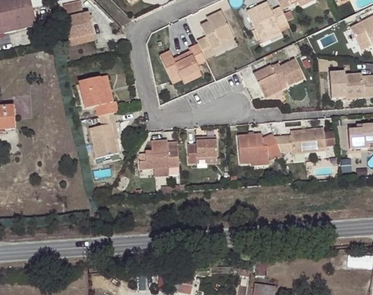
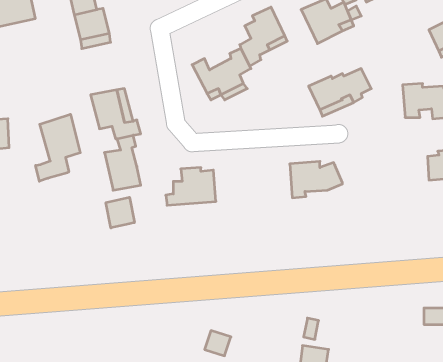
building: none -> [36,114,80,181]
building: [274,128,325,153] -> none
building: [188,137,217,164] -> none
building: none -> [106,197,134,228]

